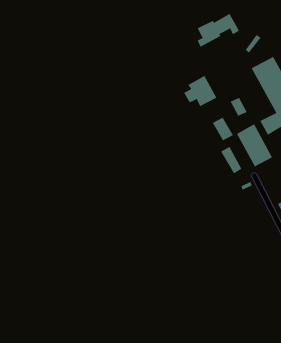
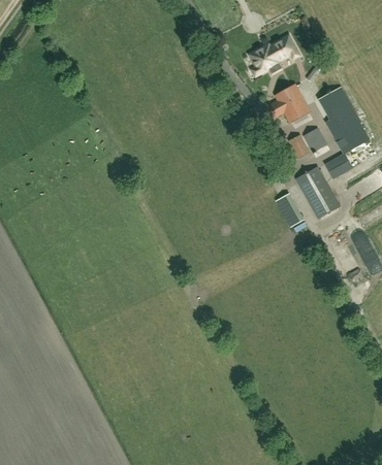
building: [183,75,217,107] -> [269,84,310,121]
building: [212,117,234,141] -> [304,127,329,156]

